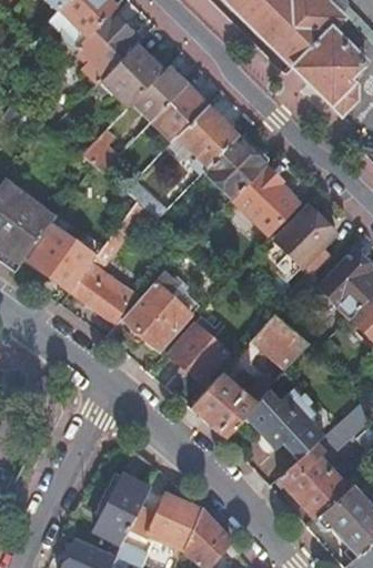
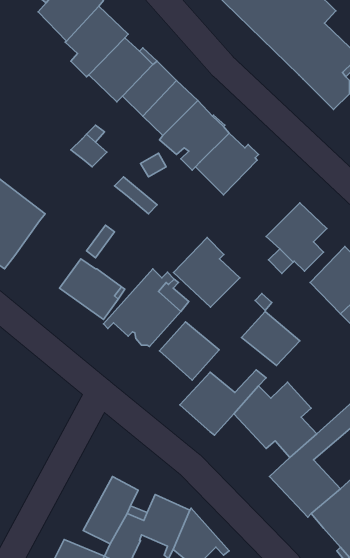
building: [233,165,299,234] -> [173,238,240,307]
building: [27,225,95,292] -> none

